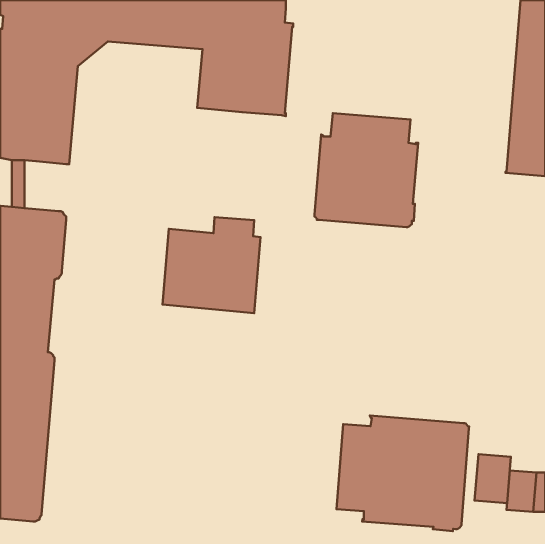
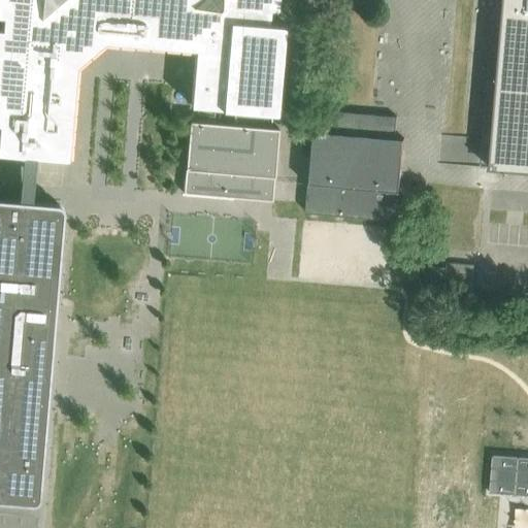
building: [162,217,260,313] -> [184,109,278,202]
building: [336,416,469,531] -> none
building: [475,454,511,503] -> none

